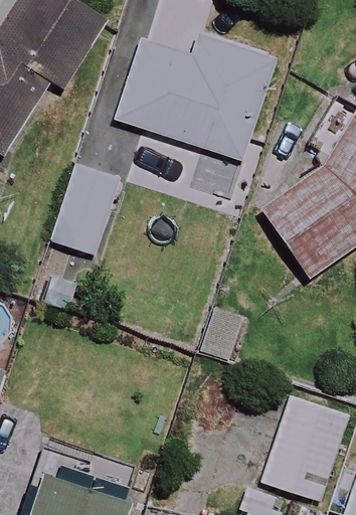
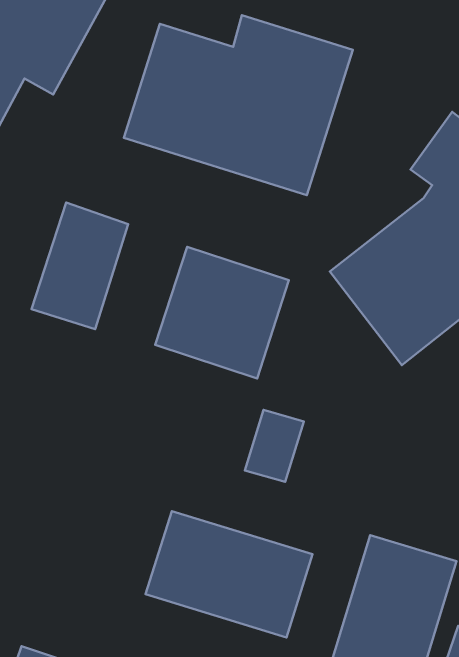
building: none -> [155,247,289,378]
building: none -> [146,511,313,637]

